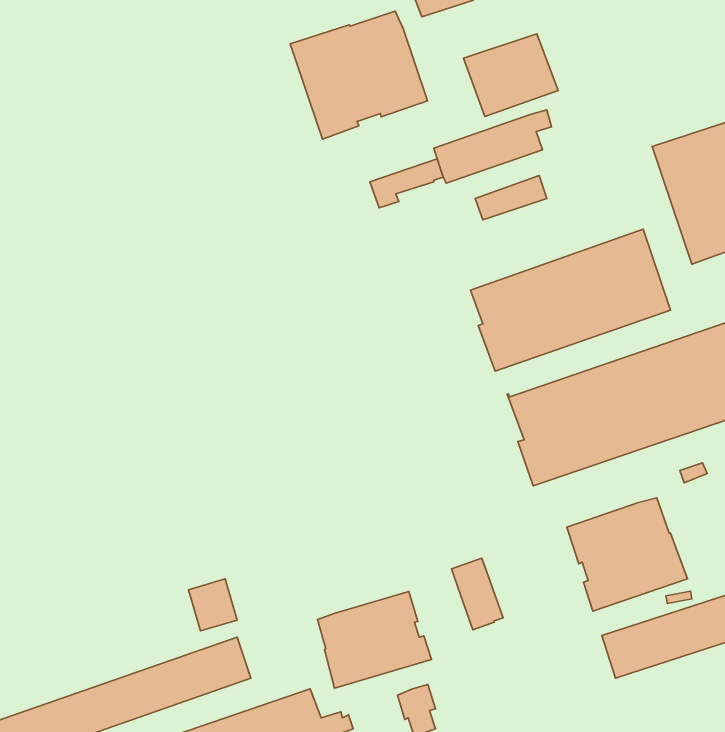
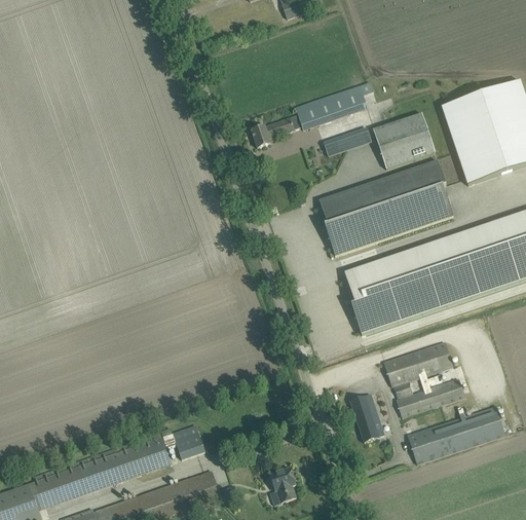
building: [290,11,427,139] -> none
building: [464,34,558,116] -> [373,112,437,168]
building: [451,558,503,630] -> [350,393,385,441]
building: [188,579,237,631] -> [172,422,204,457]
building: [317,591,431,688] -> none

